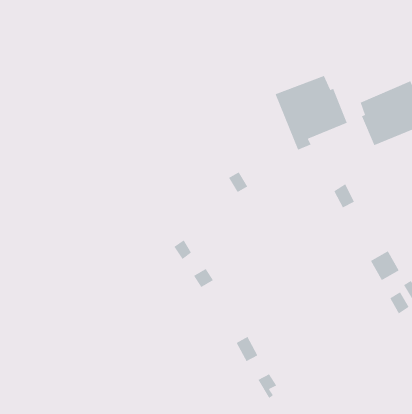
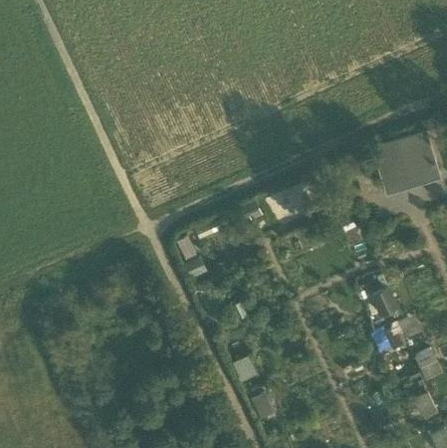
building: [275,75,347,150] -> none

